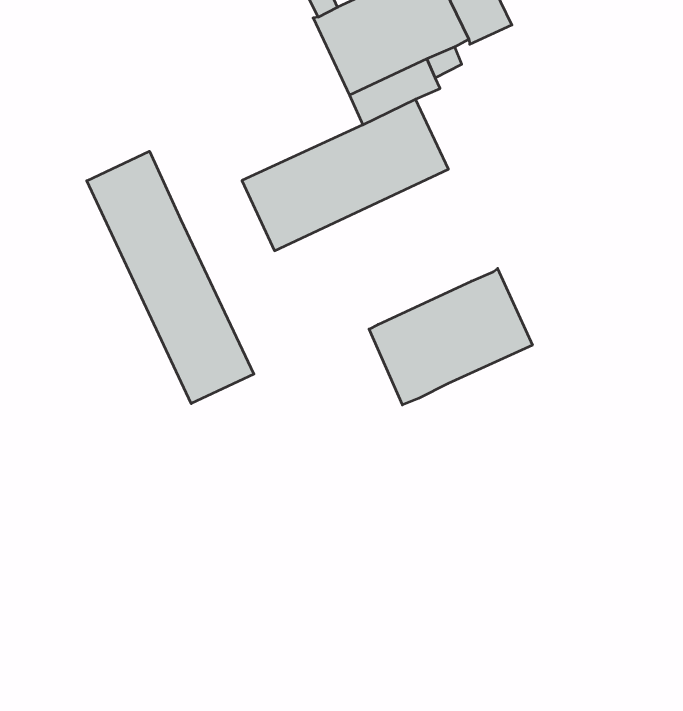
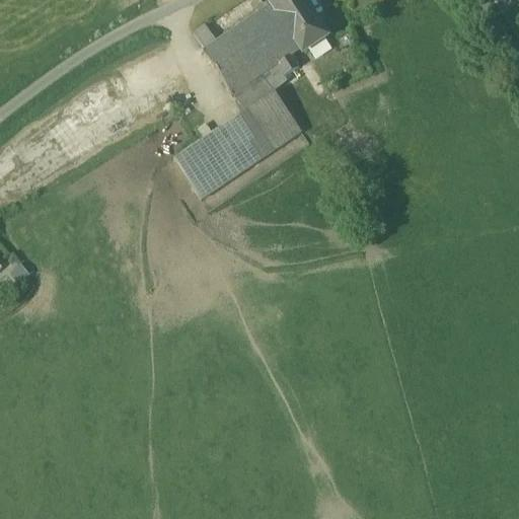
building: [87,151,254,404] -> none
building: [369,268,532,405] -> none

